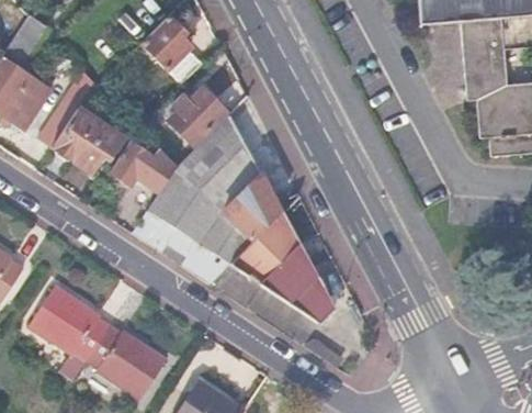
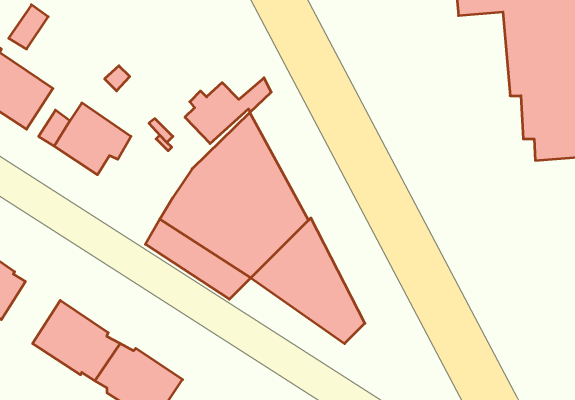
building: [142,15,201,81] -> none
building: [109,139,177,191] -> none

